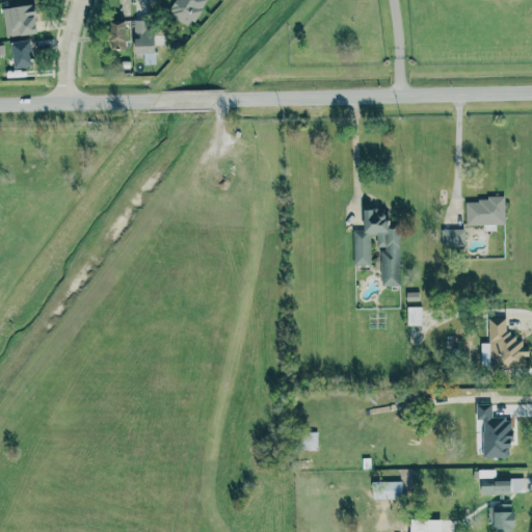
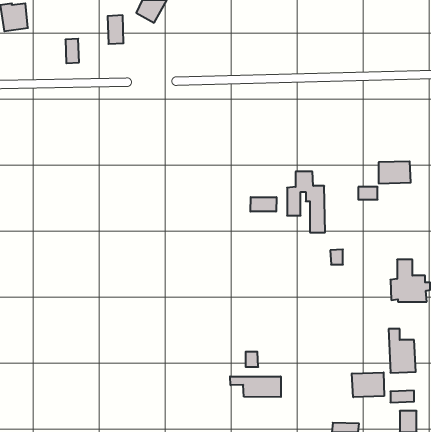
building: [109,20,126,50] -> [65,39,79,63]
building: [11,41,32,68] -> none
building: none -> [250,197,276,212]
building: none -> [352,372,384,397]
building: none -> [230,376,281,397]
building: [372,481,402,500] -> none

